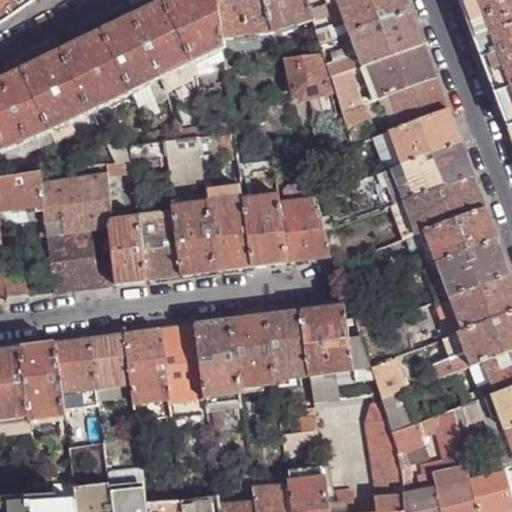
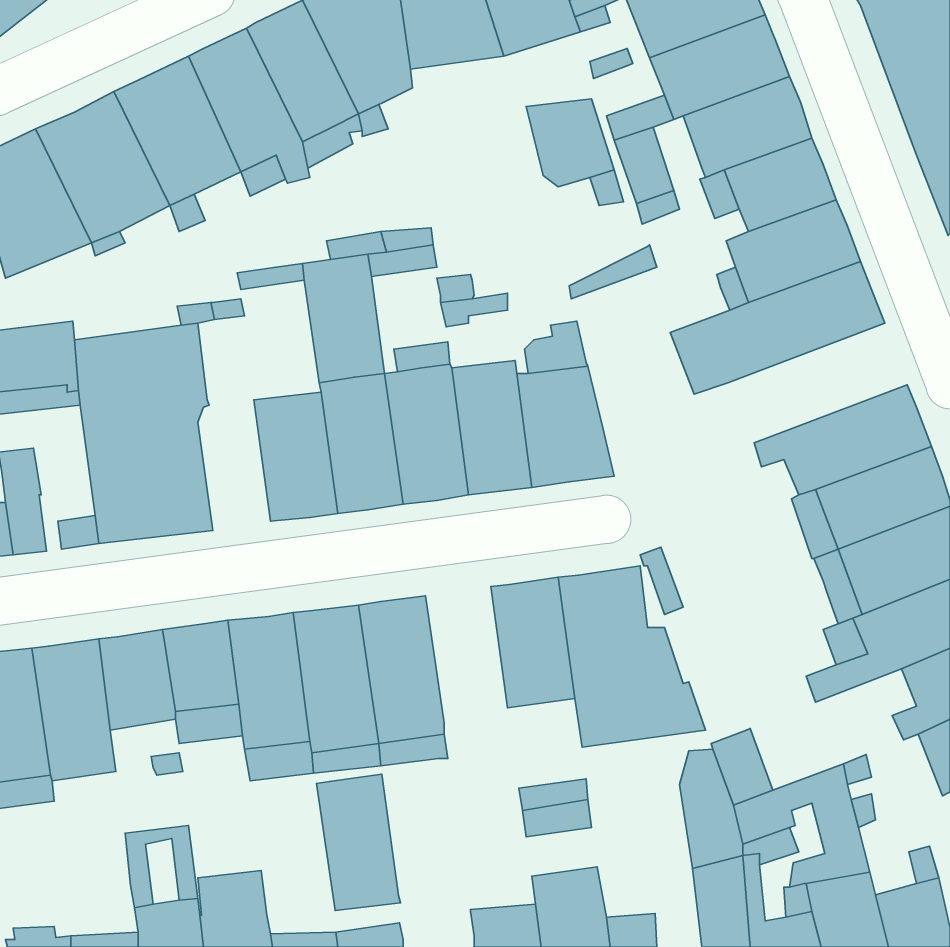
building: [390,173,486,238] -> none
building: [106,214,145,284] -> none
building: [228,314,273,387] -> [317,774,400,910]
building: [369,356,405,398] -> none

